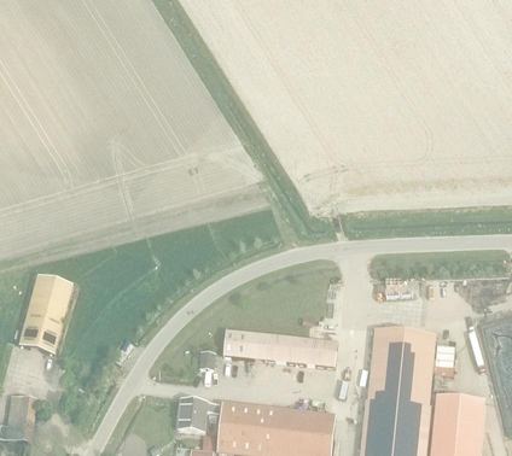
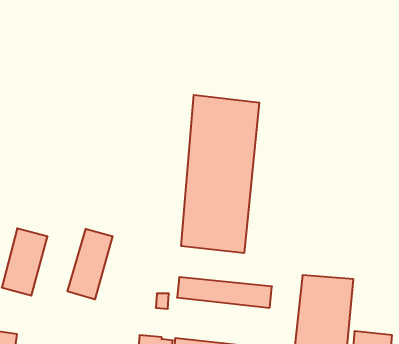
building: none -> [181,95,259,253]
building: none -> [67,229,112,299]

